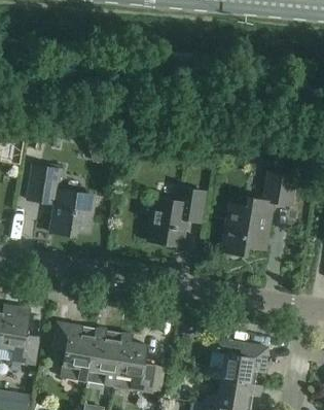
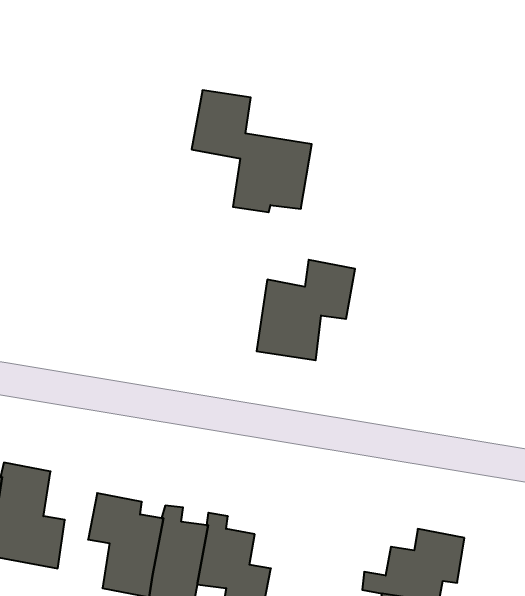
building: [27,165,96,235] -> [192,90,312,212]
building: [210,171,297,258] -> none

